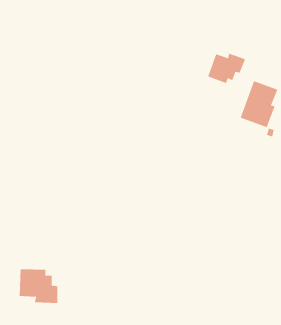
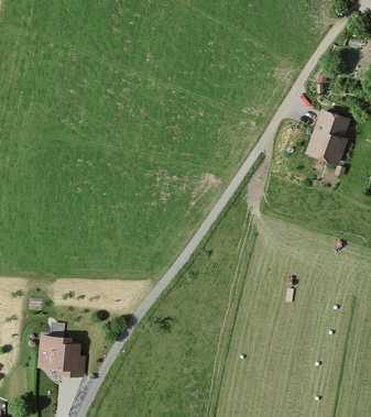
building: [207,53,246,84] -> none

